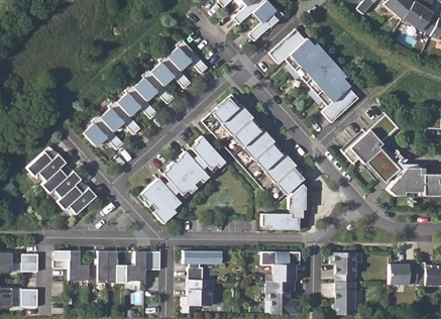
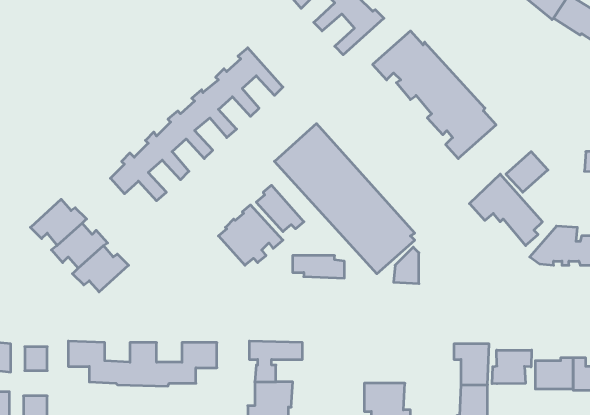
building: [140,178,181,223] -> none
building: [261,213,299,229] -> [293,256,344,278]
building: [262,251,301,281] -> none
building: none -> [492,350,532,384]

